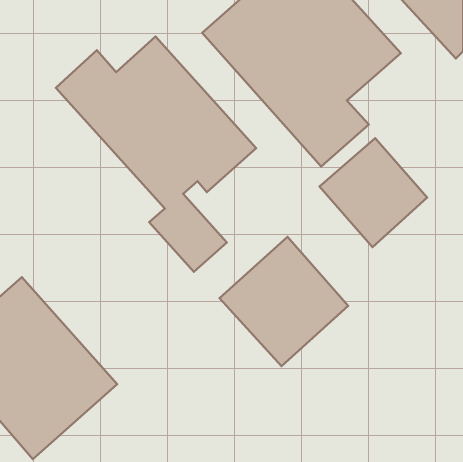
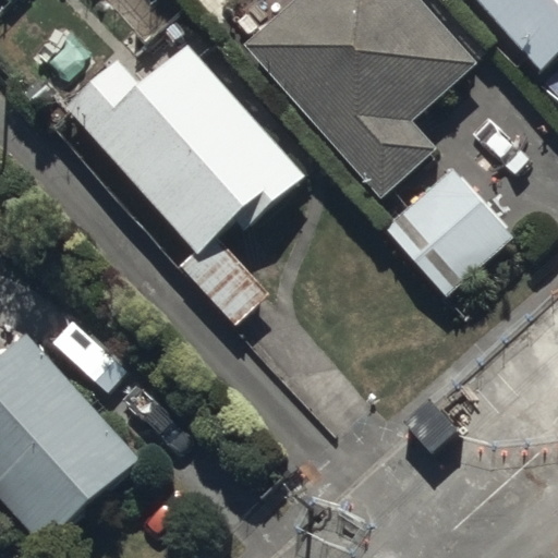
building: [220,237,348,366] -> none

